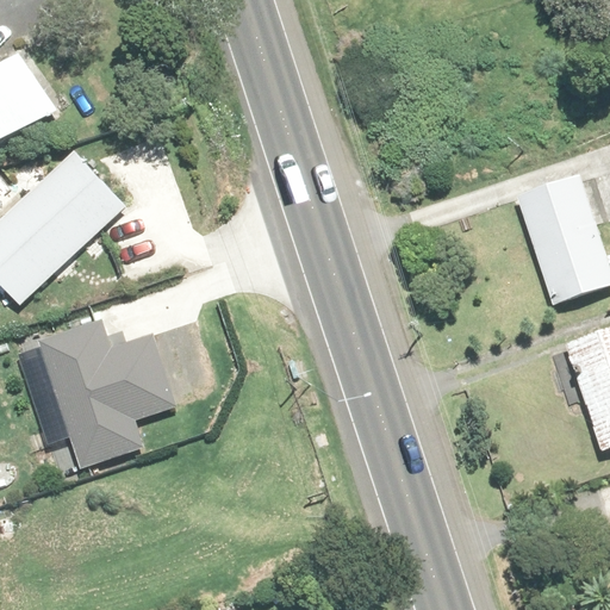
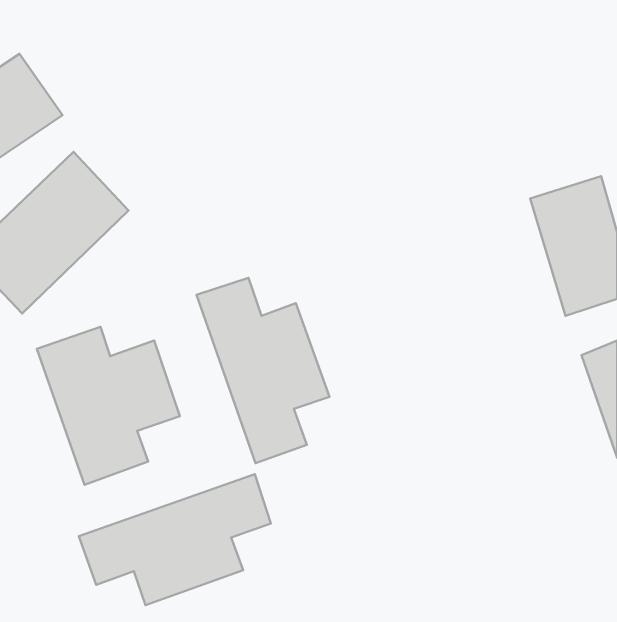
building: none -> [196,278,330,463]
building: none -> [79,474,271,605]

